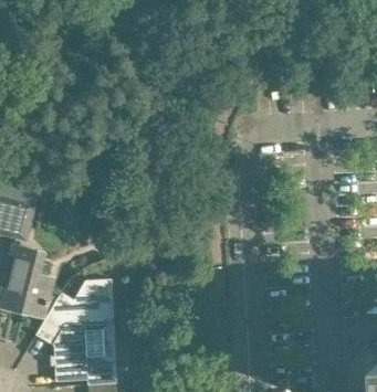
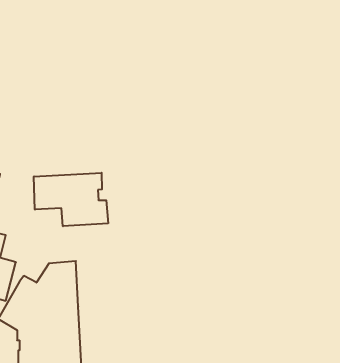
building: none -> [34,173,108,226]

